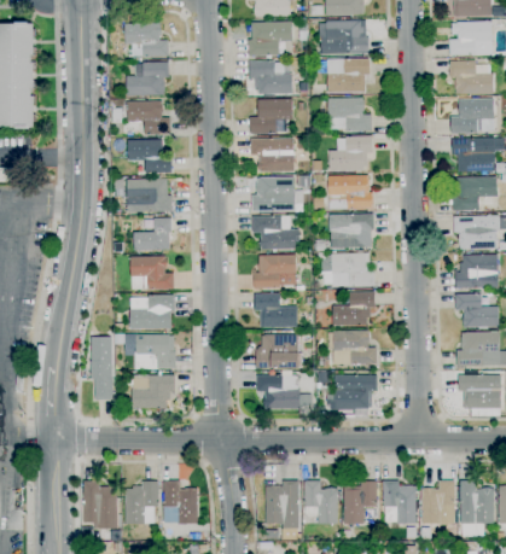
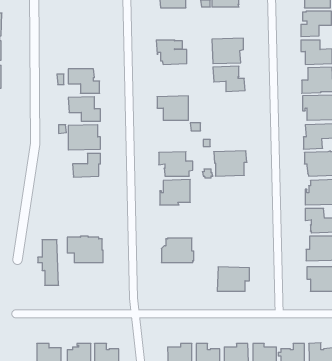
building: [310,19,370,57] -> none
building: [248,21,292,56] -> none
building: [124,23,169,57] -> none
building: [126,62,169,95] -> none
building: [249,98,292,133] -> none
building: [328,135,372,170] -> none
building: [328,175,373,209] -> none
building: [251,176,303,211] -> none
building: [316,252,374,286] -> none
building: [129,255,174,290] -> none
building: [333,291,376,325] -> none
building: [254,293,297,327] -> none
building: [129,295,175,328] -> none
building: [333,330,377,365] -> none
building: [132,374,175,408] -> none
building: [256,374,299,409] -> none

